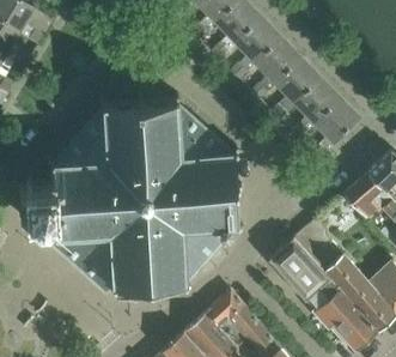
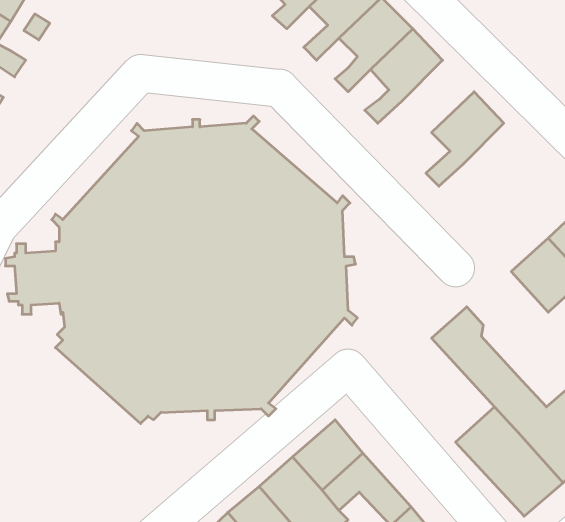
building: [270,58,321,119] -> none
building: [311,98,361,159] -> none
building: [269,237,334,304] -> none

